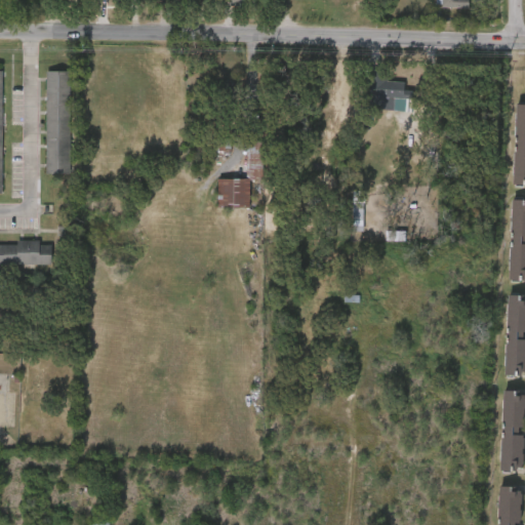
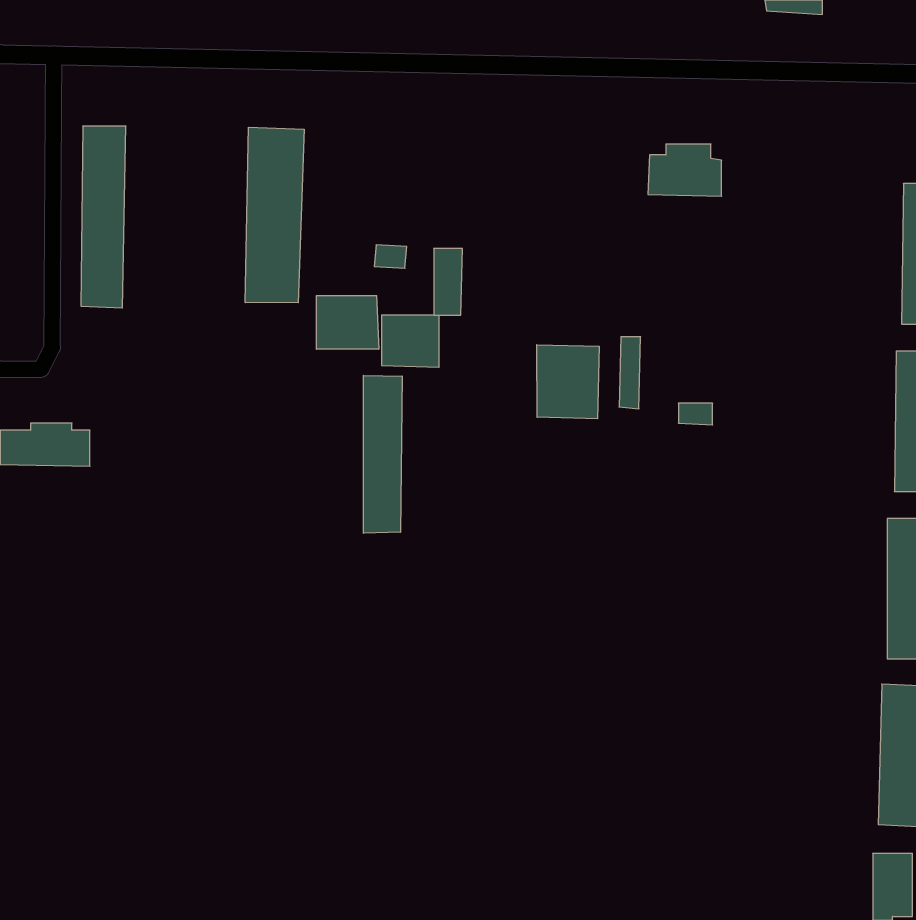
building: none -> [245,127,304,303]
building: none -> [316,296,379,349]
building: none -> [537,345,599,419]
building: none -> [363,375,402,533]

